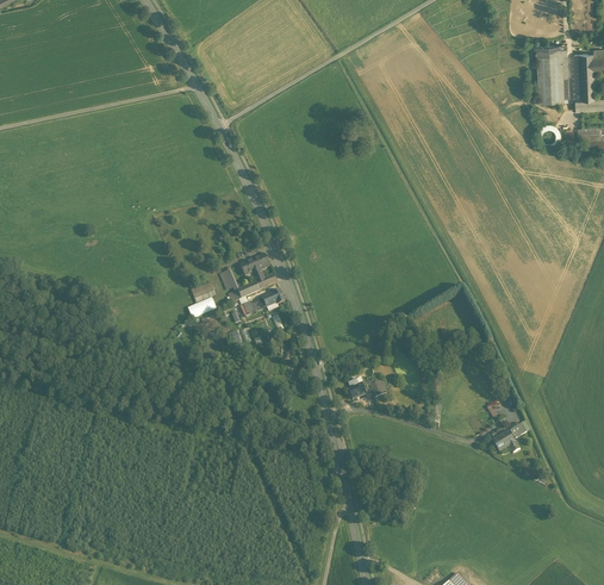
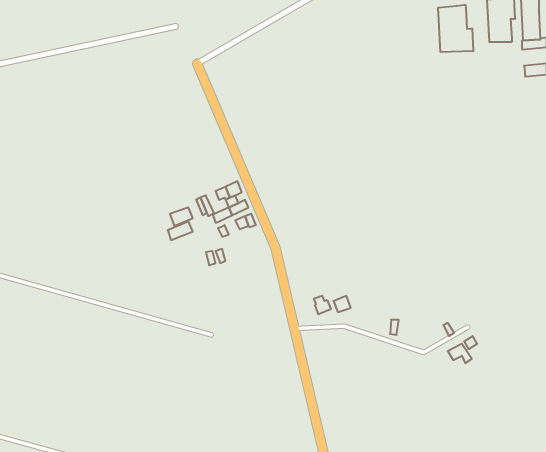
building: none -> [438,5,473,52]

